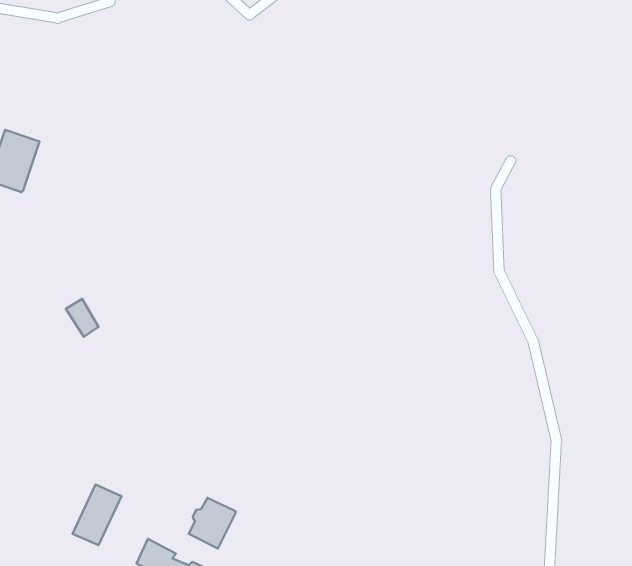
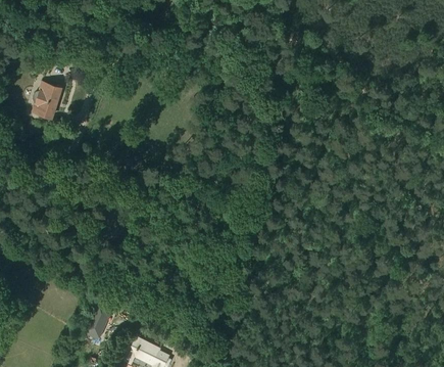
building: [189,498,236,549] -> none

